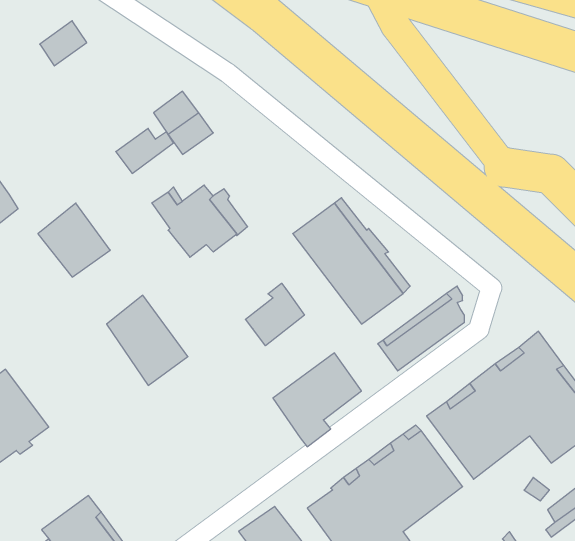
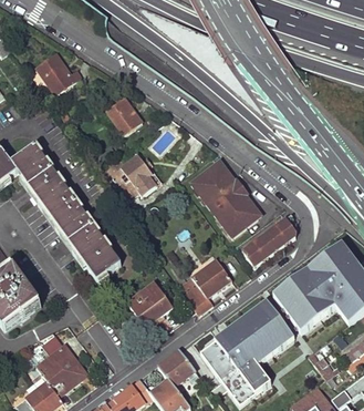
building: [116,128,174,173] -> [43,65,79,93]
building: none -> [15,141,56,183]
building: none -> [54,193,97,238]
building: [245,283,304,346] -> none
building: none -> [133,276,178,320]

